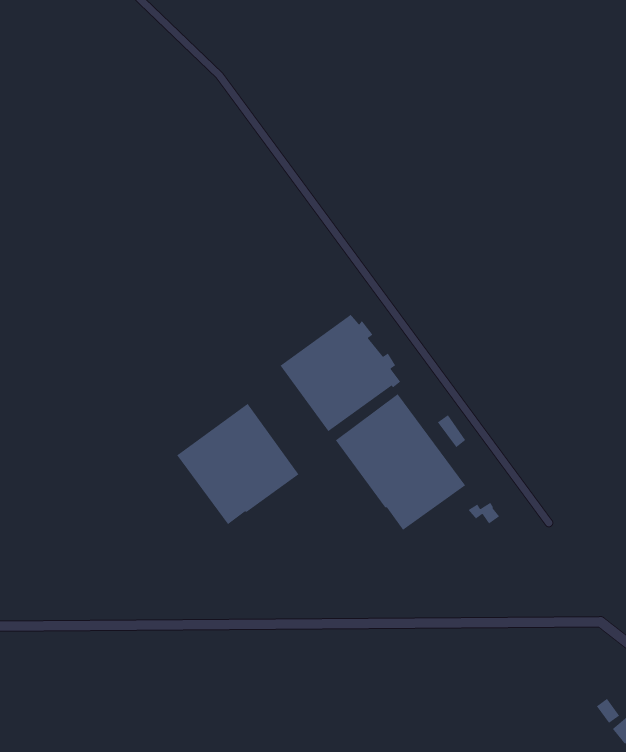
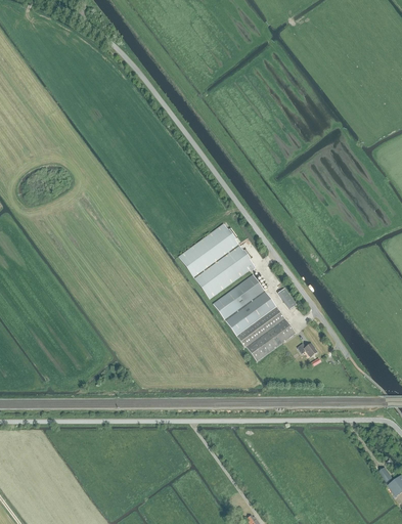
building: [176,403,300,525] -> none

